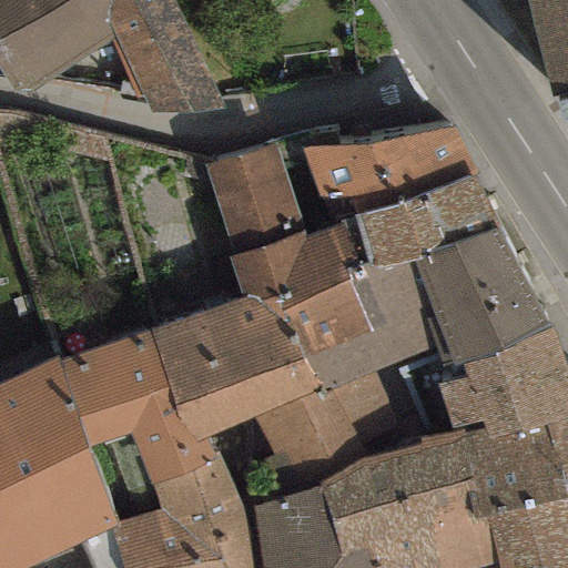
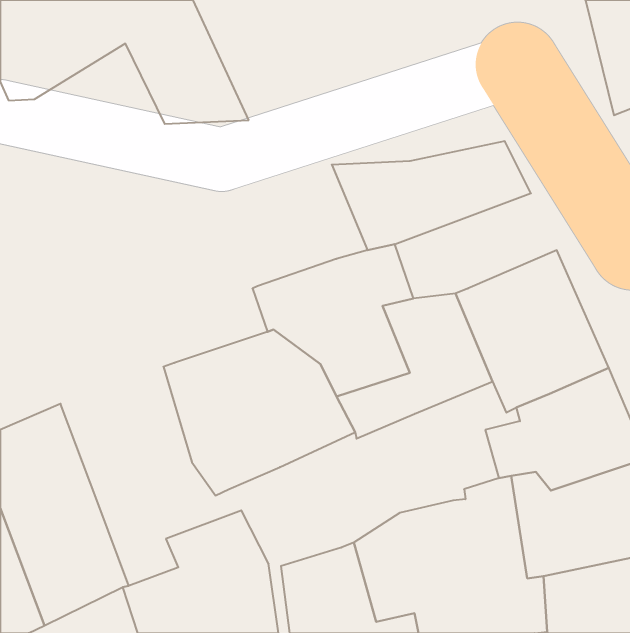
building: [204,143,304,256] -> none
building: [356,173,501,267] -> none
building: [57,328,219,483] -> none
building: [253,371,408,490] -> none

